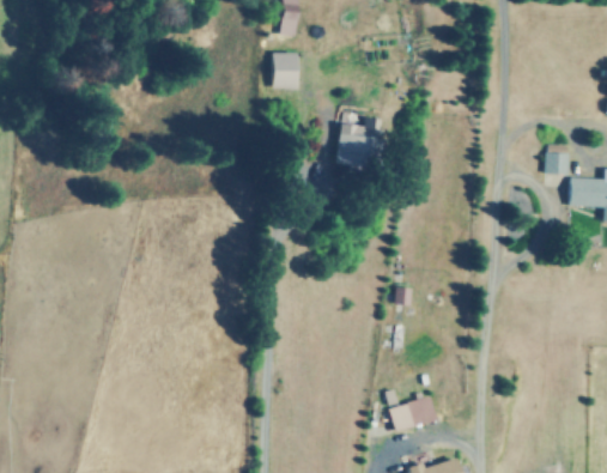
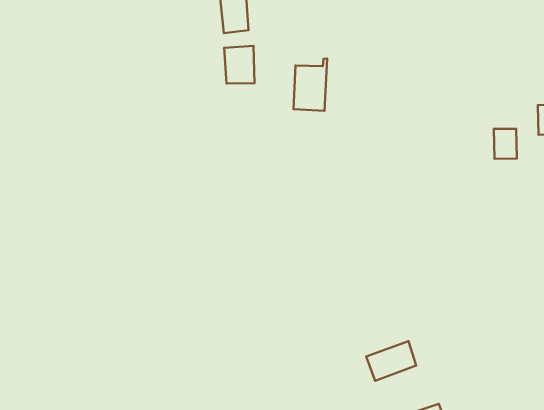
building: none -> [224,46,255,84]
building: [546,144,569,174] -> [494,129,517,159]

